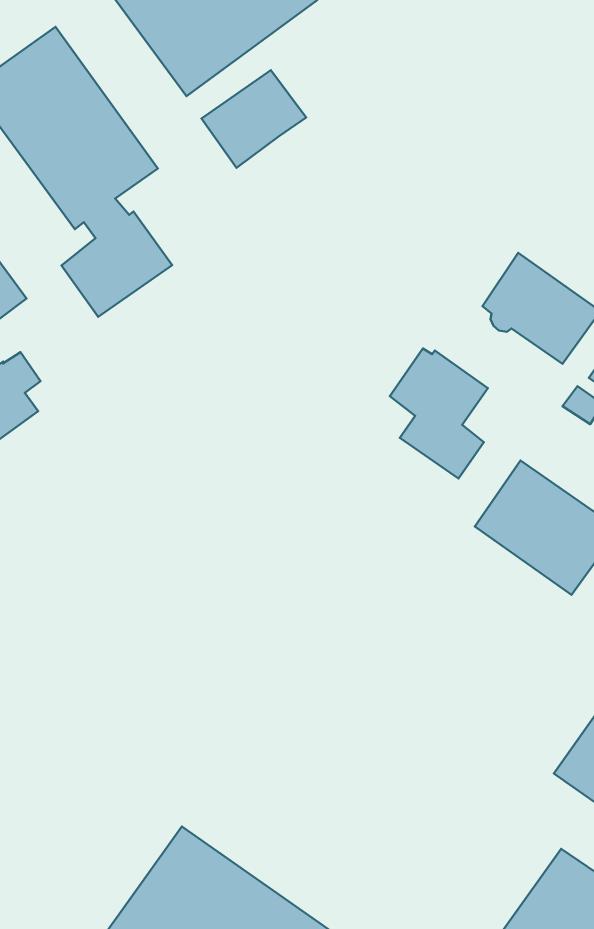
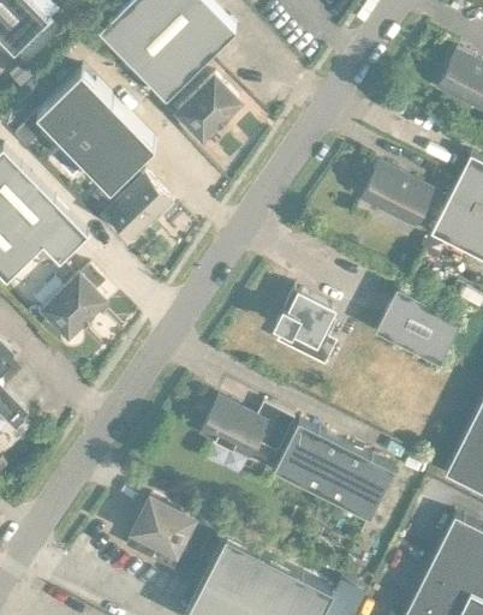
building: [390,349,488,479] -> [275,293,335,368]
building: none -> [199,401,293,458]
building: none -> [273,423,394,520]
building: none -> [132,498,203,580]

